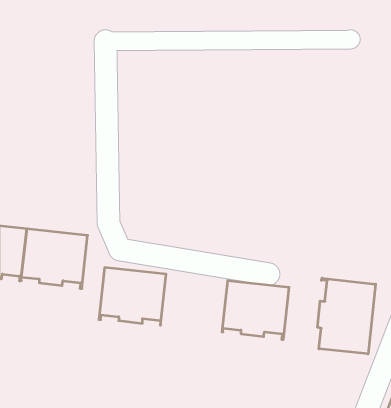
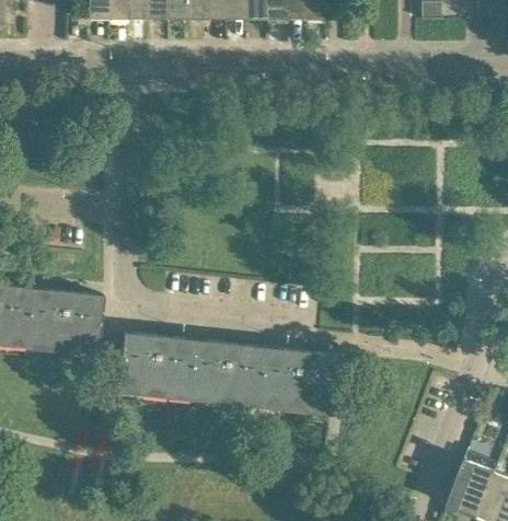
building: none -> [187,339,265,406]
building: [318,278,376,354] -> none

